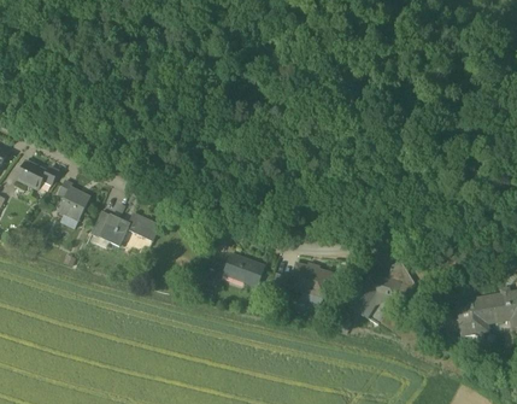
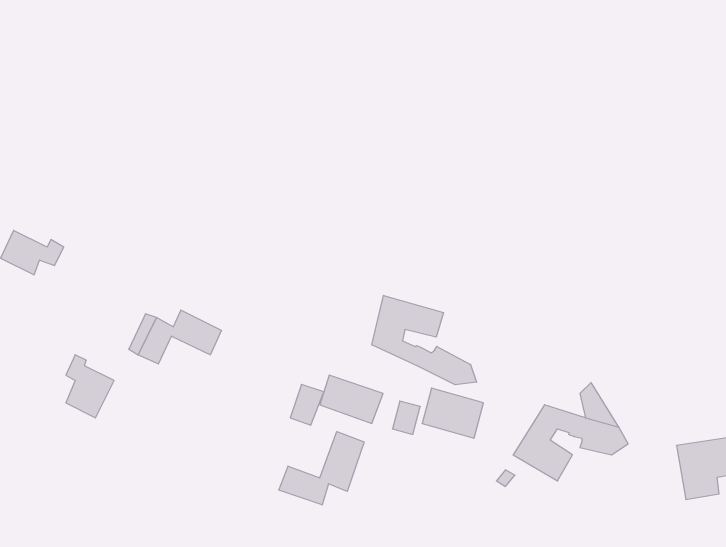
building: [58,178,89,219] -> [66,355,114,418]
building: none -> [372,295,477,385]
building: none -> [279,432,364,505]

